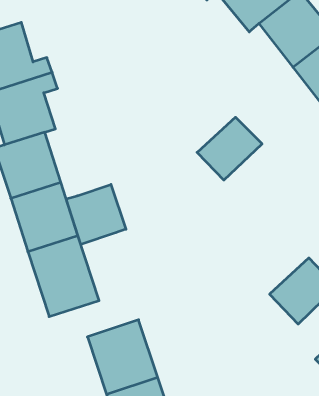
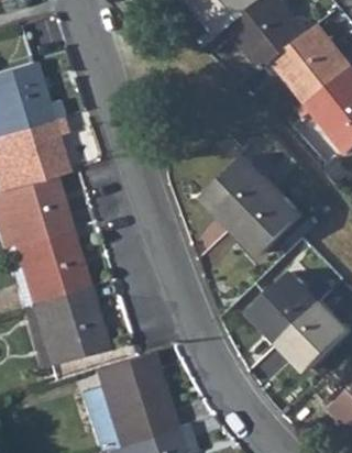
building: none -> [238,187,306,255]
building: [66,184,126,244] -> none
building: none -> [256,275,326,342]

